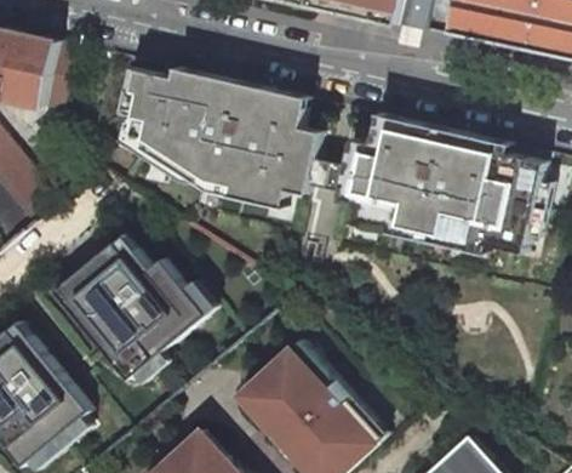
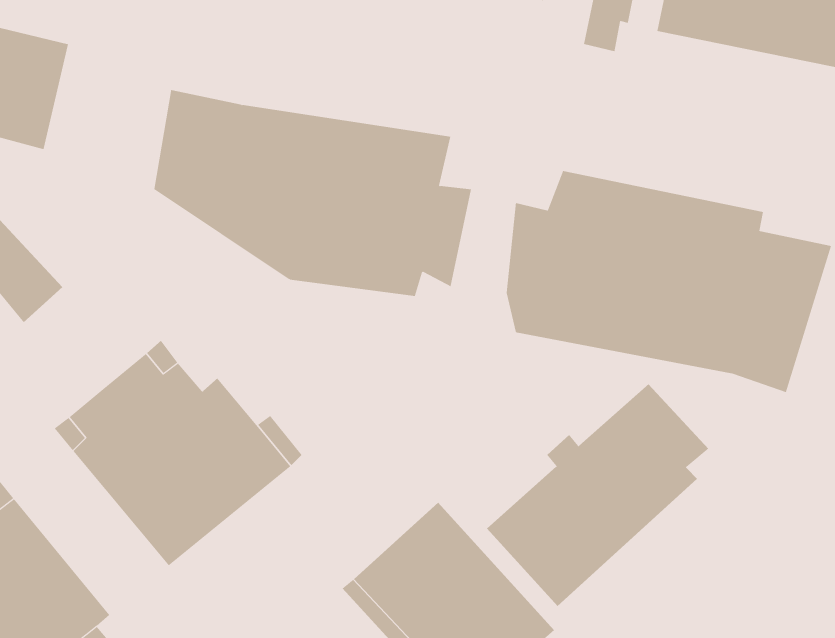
building: none -> [486,384,709,607]

